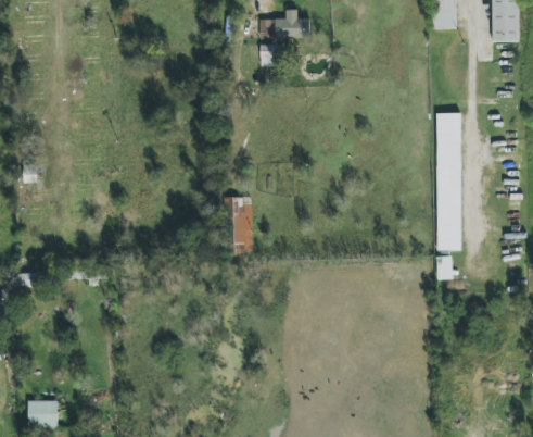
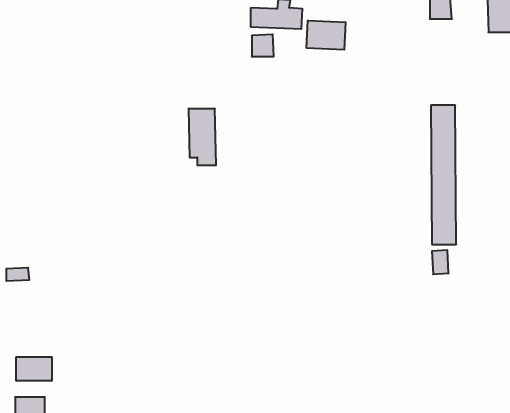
building: none -> [307,20,345,50]
building: [226,197,253,252] -> [188,109,216,165]
building: none -> [16,357,52,381]

